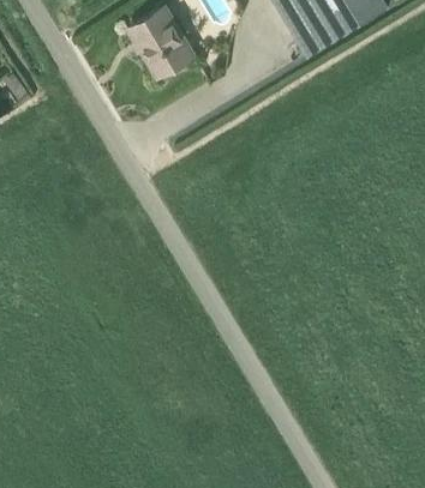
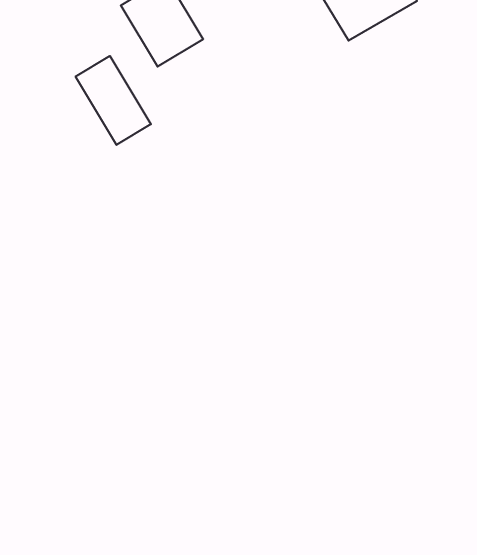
building: none -> [76,56,151,145]

